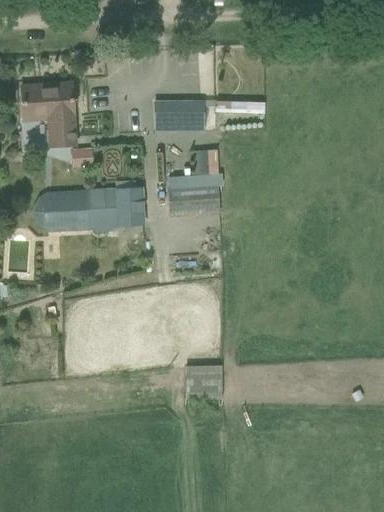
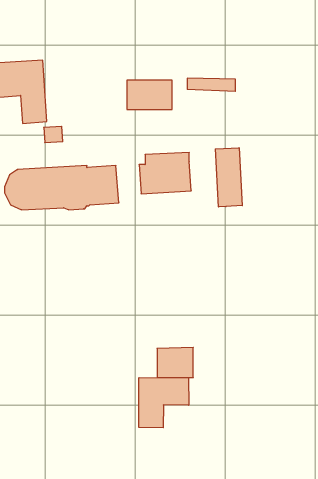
building: [193,149,218,174] -> none
building: none -> [215,148,242,207]
building: none -> [139,378,189,428]

